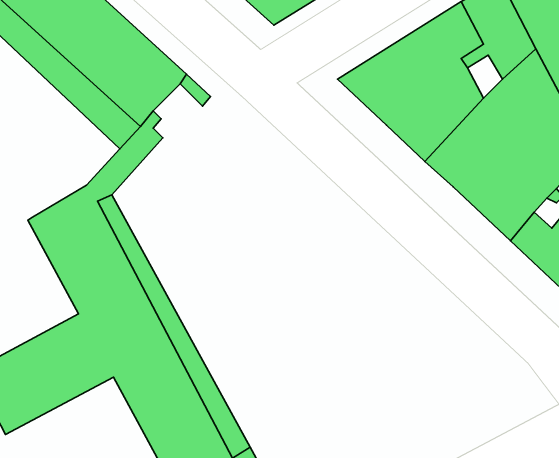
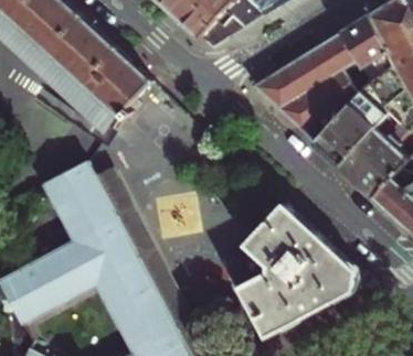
building: none -> [224,202,353,336]

